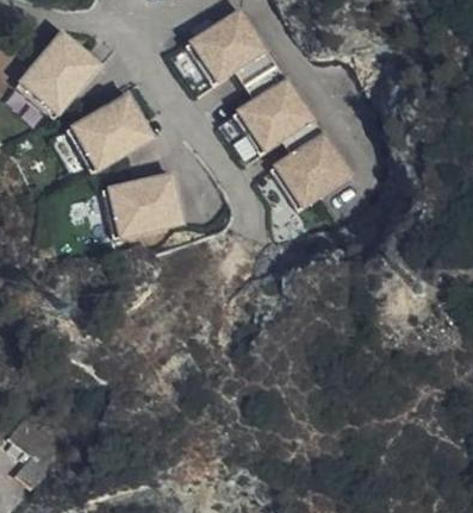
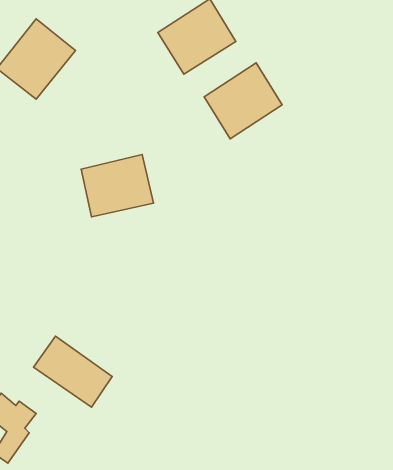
building: [67,93,151,173] -> none
building: [270,129,353,207] -> none
building: none -> [34,336,112,407]

